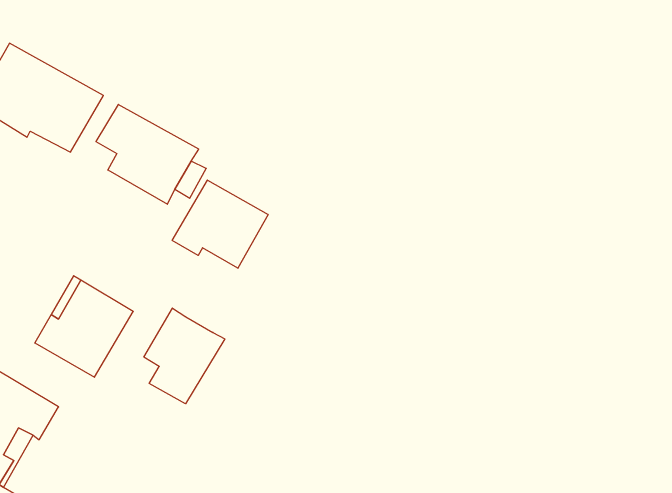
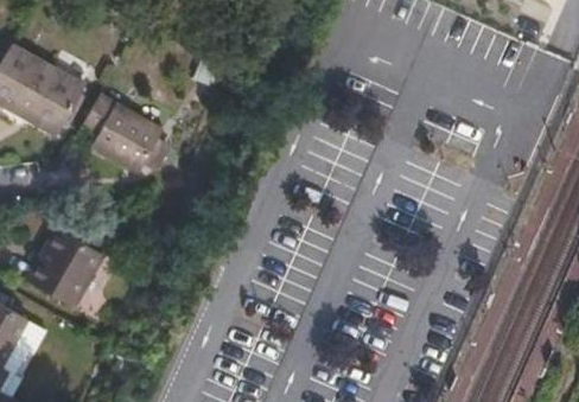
building: [172,180,268,268] -> none
building: [144,308,225,404] -> none

